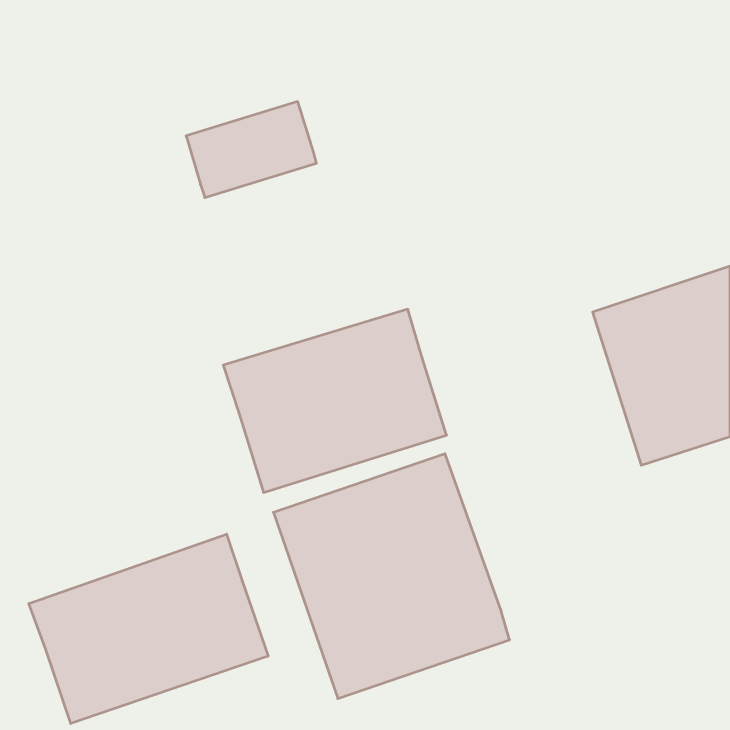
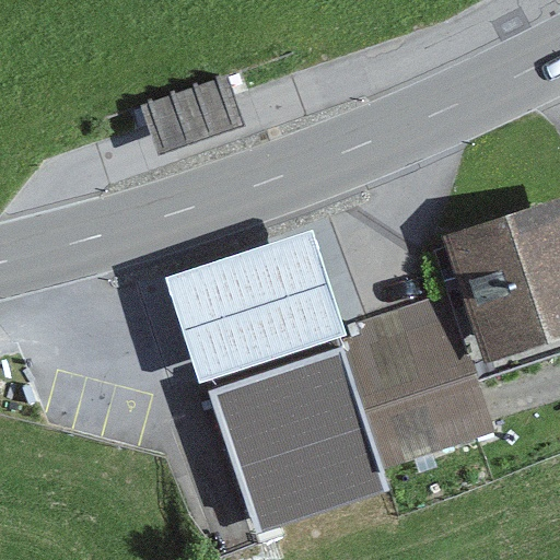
building: none -> [340,294,489,466]
building: [29,534,268,724] -> none

